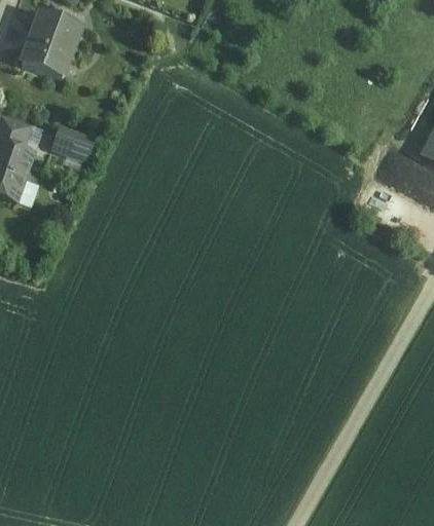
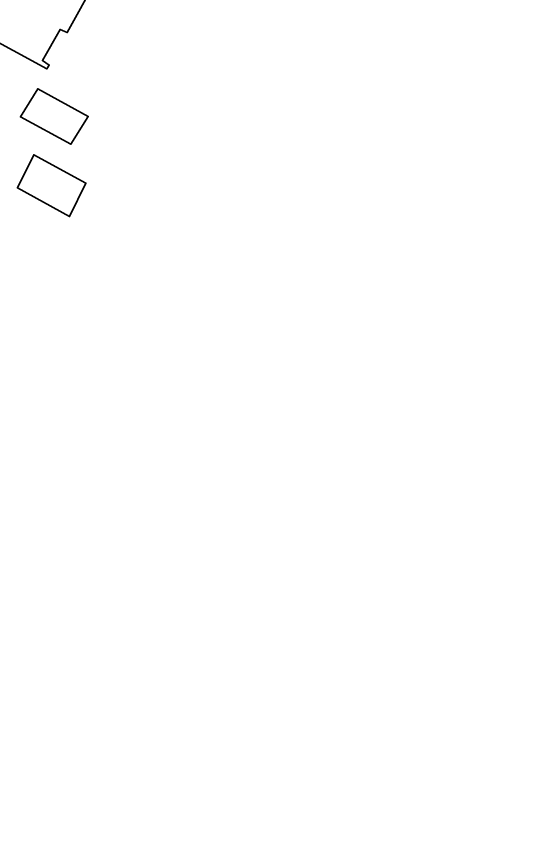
building: none -> [21,89,88,144]

